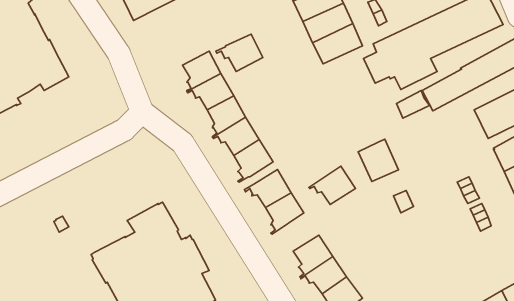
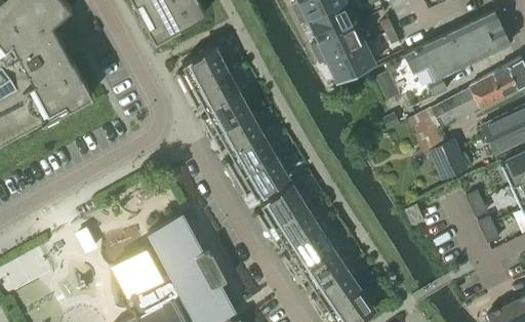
building: [216,34,263,71] -> [183,48,228,84]
building: [358,139,399,182] -> [430,139,469,180]
building: [309,166,356,205] -> [288,227,333,264]

